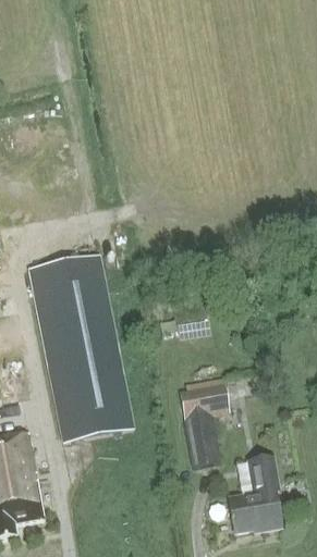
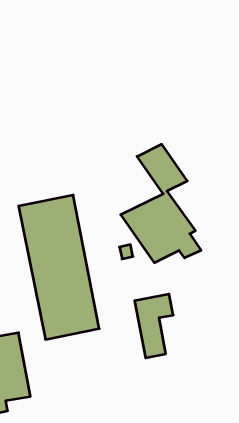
building: none -> [121,144,201,263]
building: [228,456,280,531] -> none

